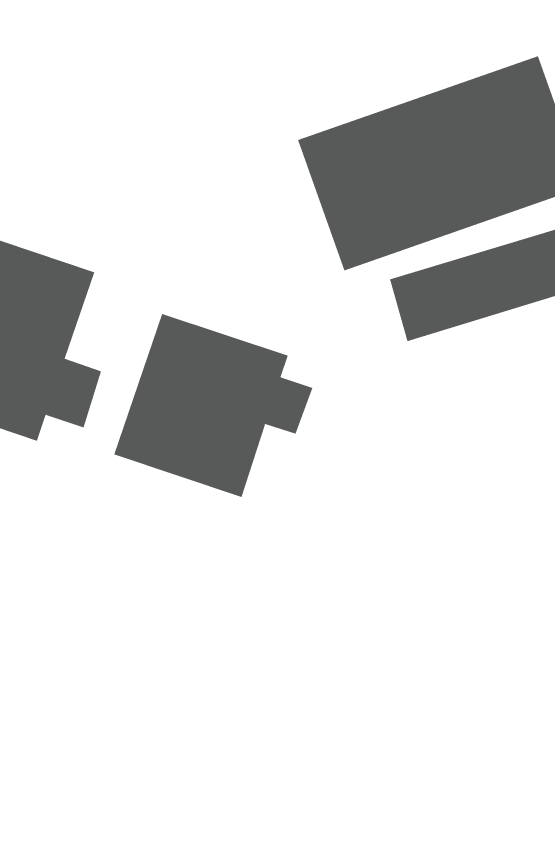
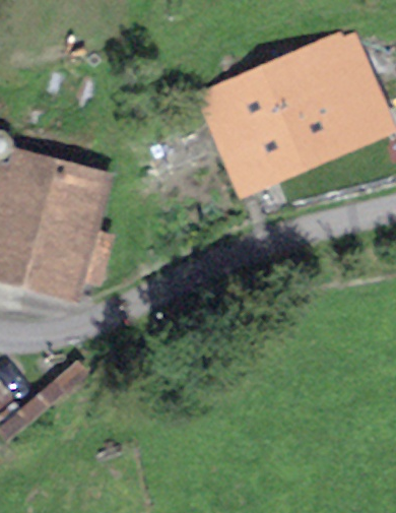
building: [114,313,313,498] -> none

